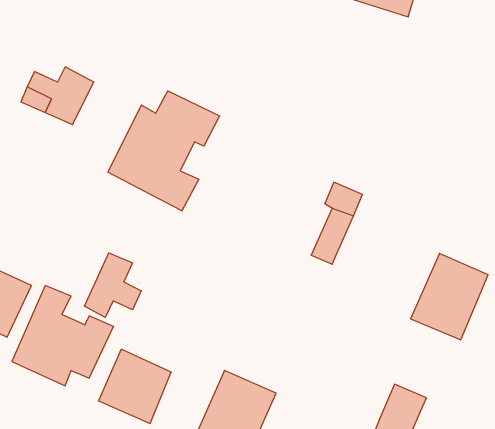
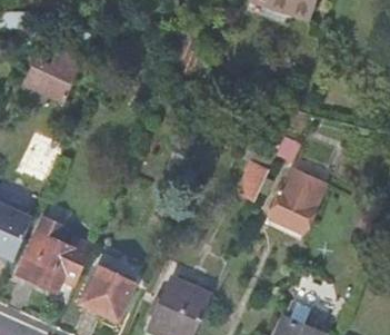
building: [108,91,220,211] -> none
building: [84,253,141,317] -> none
building: [411,253,488,340] -> [267,170,323,234]

